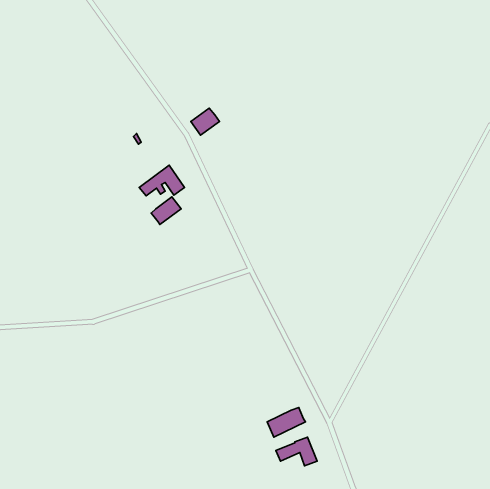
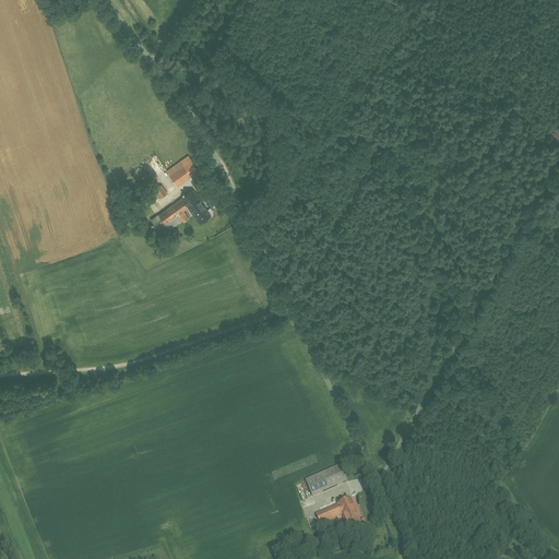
building: [191,108,220,135] -> [165,154,198,185]
building: [151,197,181,225] -> none

